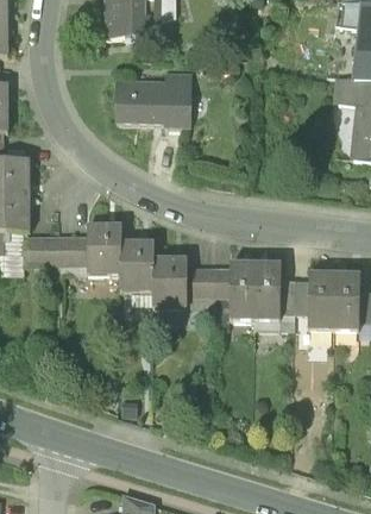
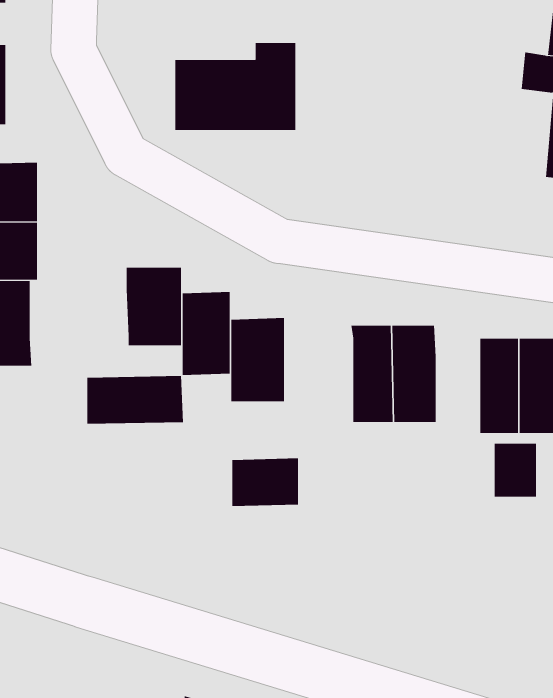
building: [24,236,86,267] -> [87,376,184,424]
building: [186,267,228,297] -> [231,458,299,507]
building: [282,278,309,313] -> [494,443,537,497]

